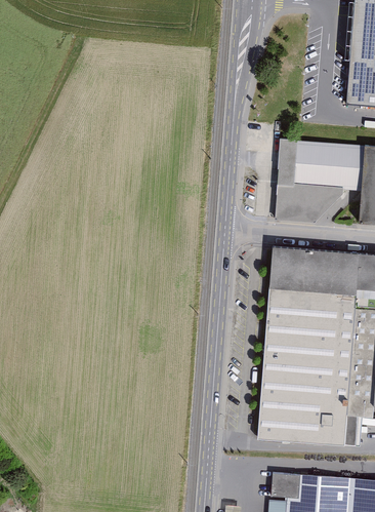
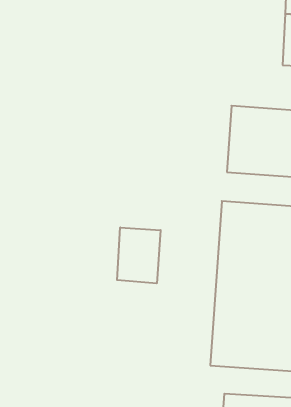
building: none -> [117,227,161,283]

